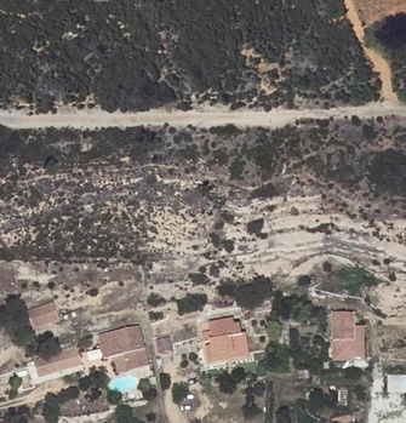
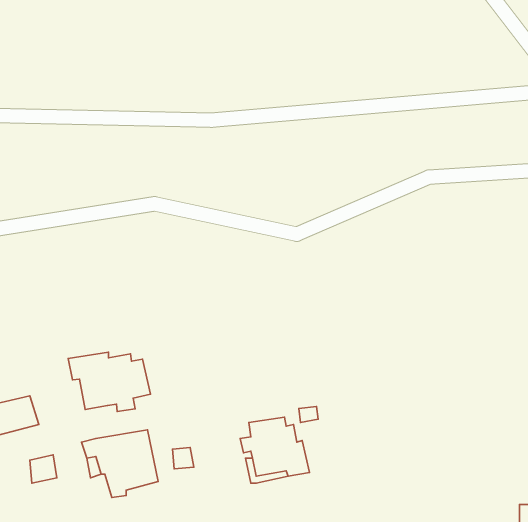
building: none -> [68,352,150,411]
building: [328,321,360,356] -> none

